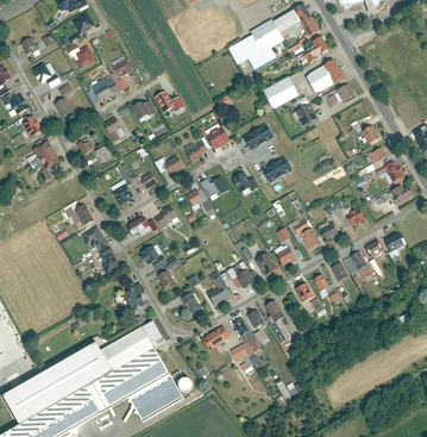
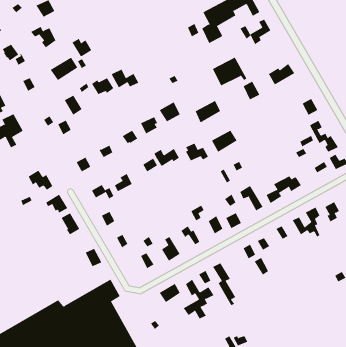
building: [307,61,340,92] -> none

